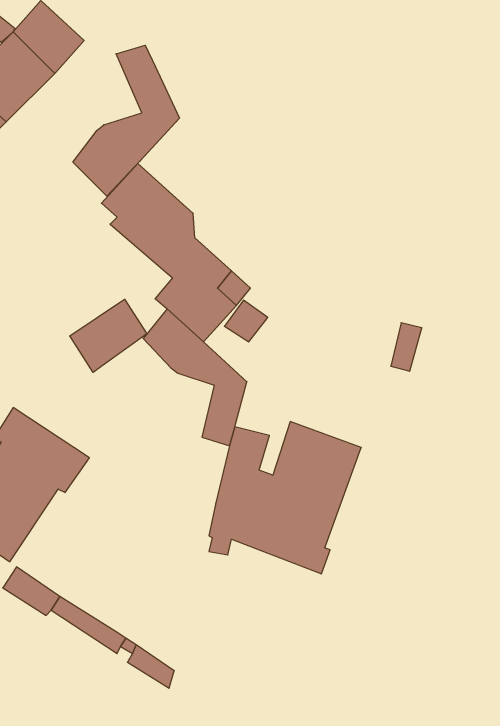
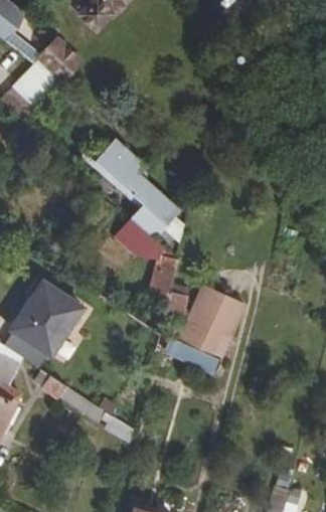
building: [73,45,180,196] -> none
building: [70,299,147,372] -> none

